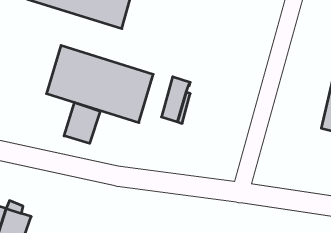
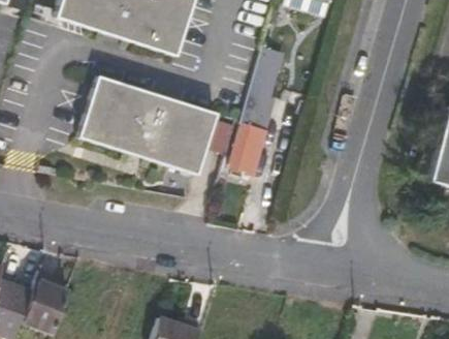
building: none -> [245,57,281,122]
building: [64,102,100,143] -> none

